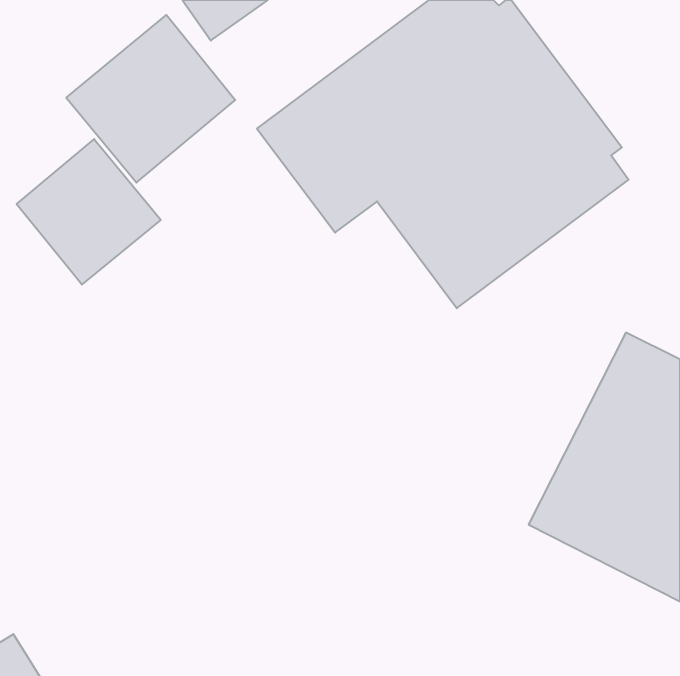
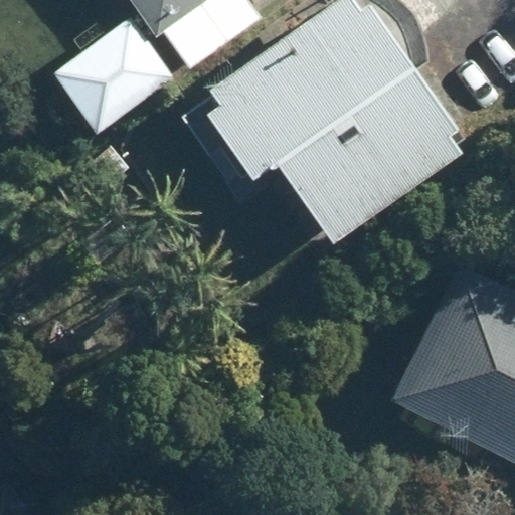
building: [17,139,161,285] -> none

